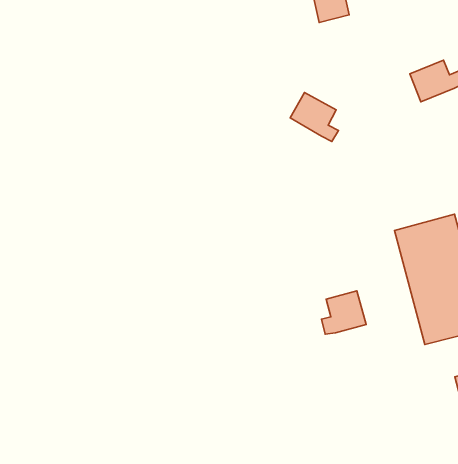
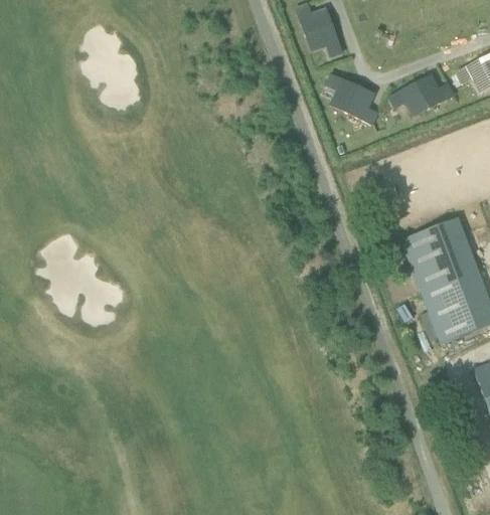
building: [290,93,338,142] -> [332,79,378,123]
building: [321,291,366,334] -> none

